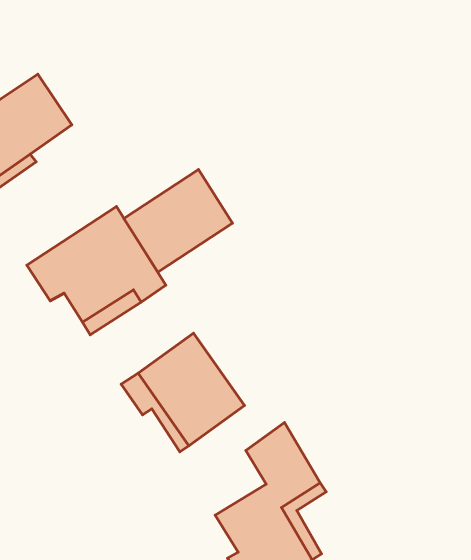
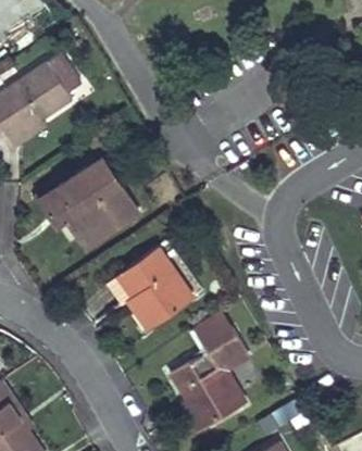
building: [124,170,232,272] -> none

